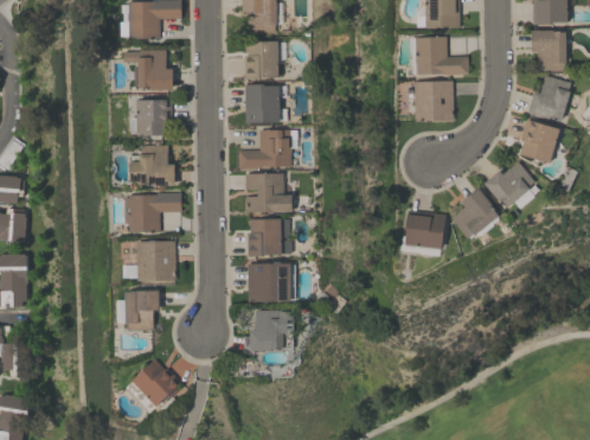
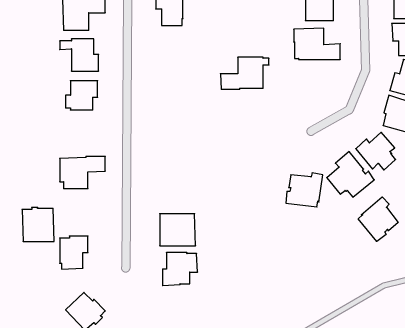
building: [243,42,277,79] -> none
building: [413,81,451,121] -> none
building: [243,84,286,123] -> none
building: [237,129,296,168] -> [220,57,269,89]
building: [129,145,174,186] -> none
building: [245,173,290,212] -> none
building: [245,218,290,257] -> none
building: [136,240,175,281] -> [22,207,54,241]
building: none -> [358,197,398,241]

